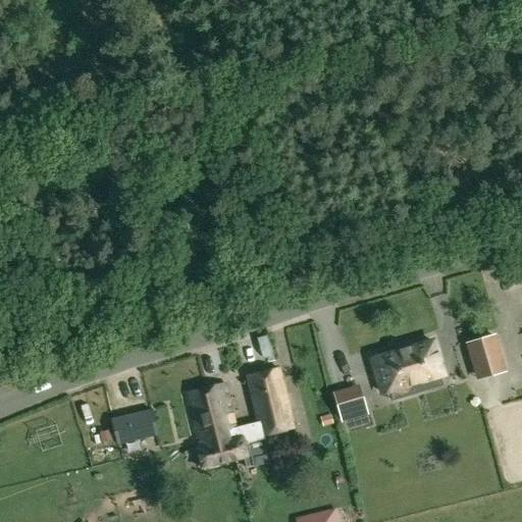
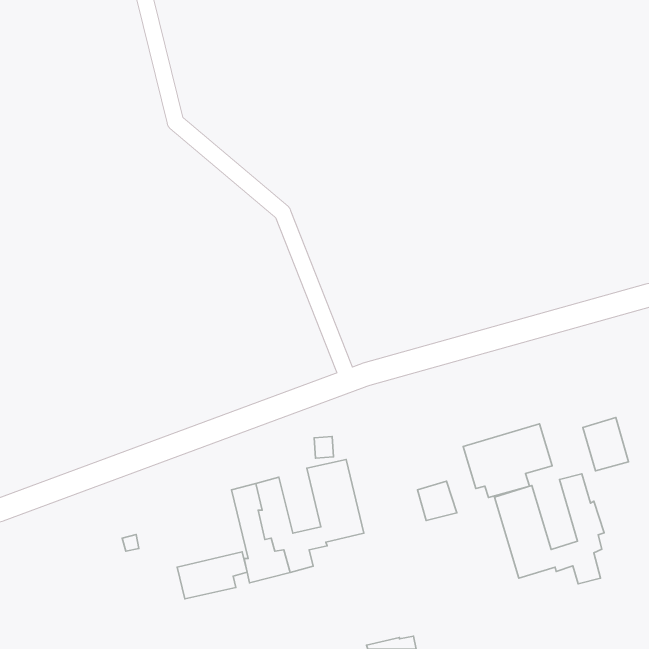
building: none -> [495,474,604,584]
building: [110,406,166,443] -> [177,552,247,599]

